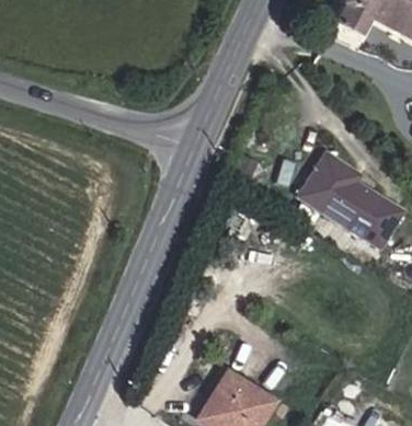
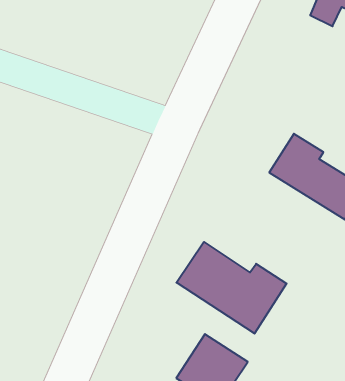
building: none -> [176,242,287,334]

